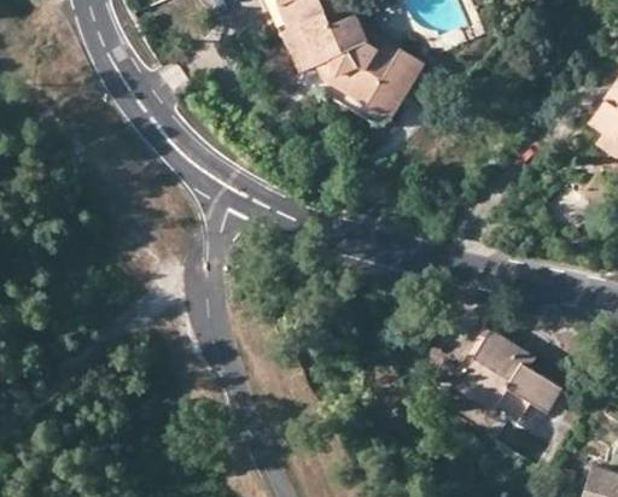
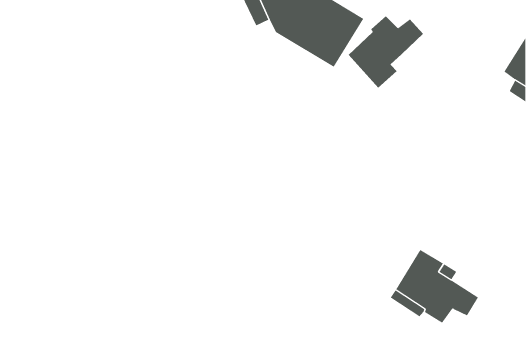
building: none -> [348,16,424,88]

